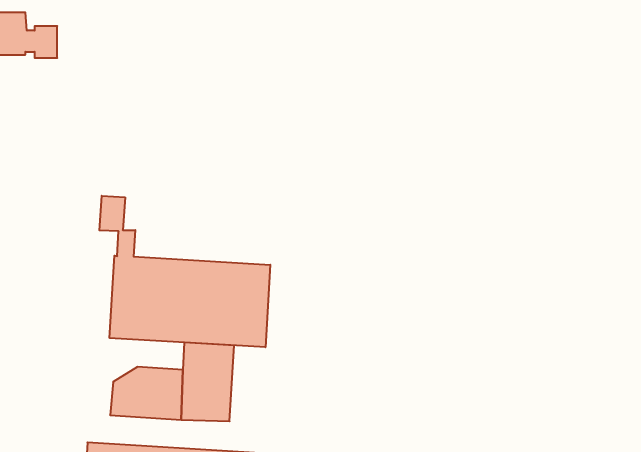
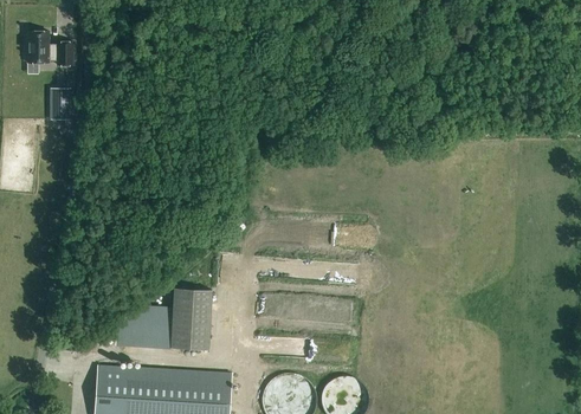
building: none -> [53,88,71,118]
building: [99,196,270,347] -> none

